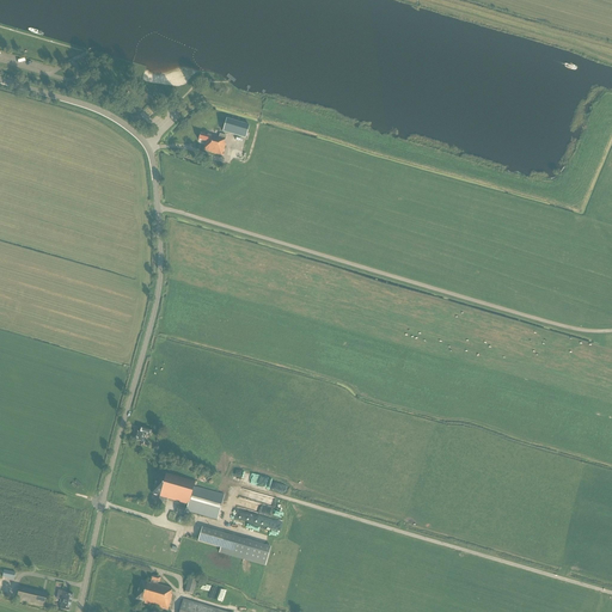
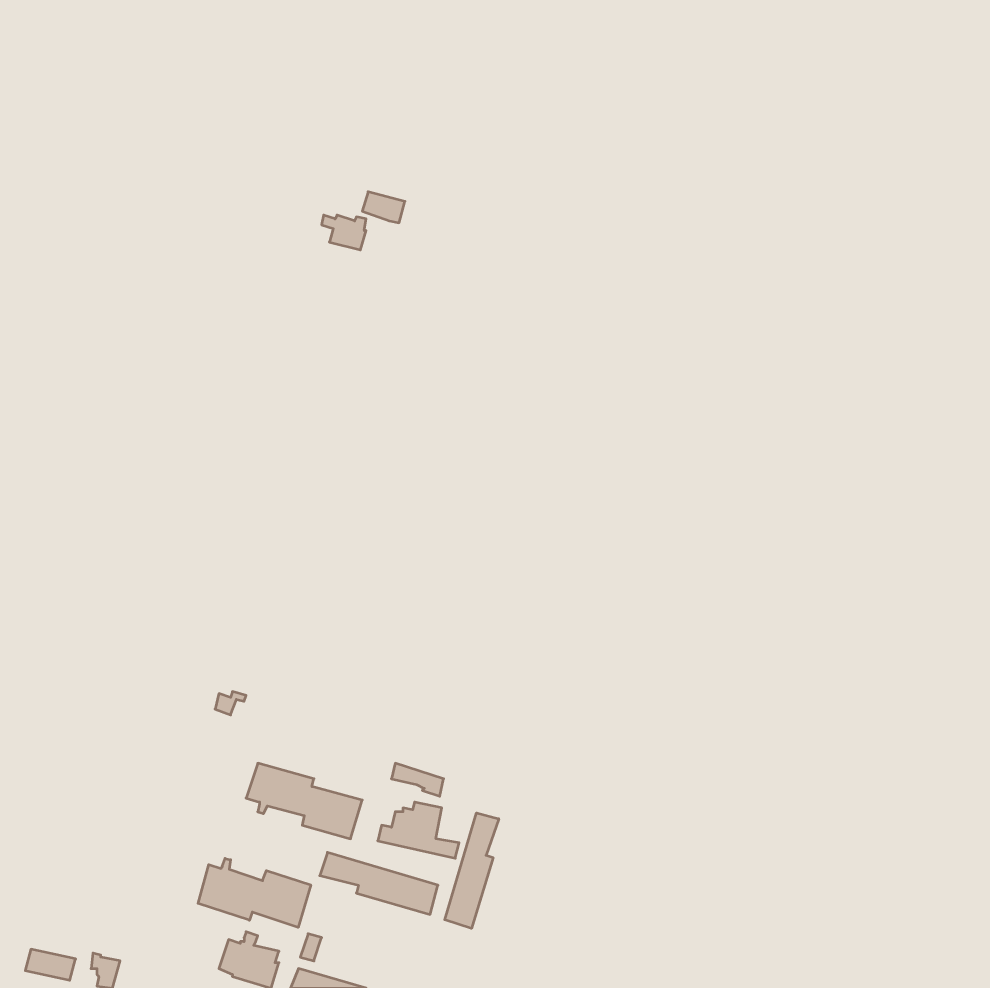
building: none -> [445,813,499,928]
building: none -> [198,858,311,927]

